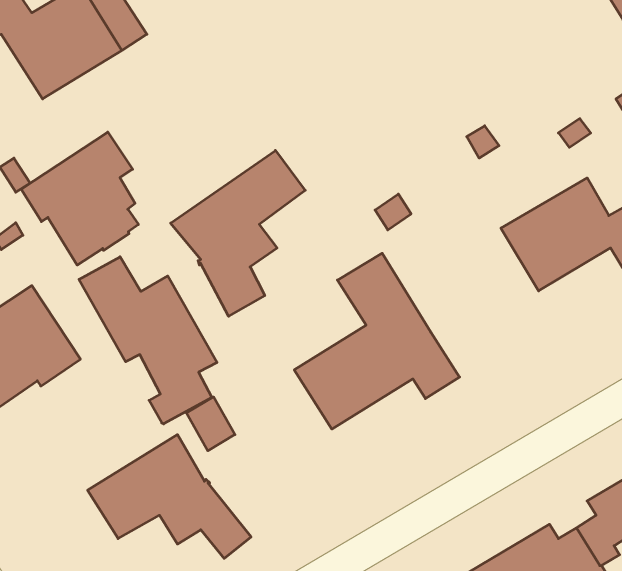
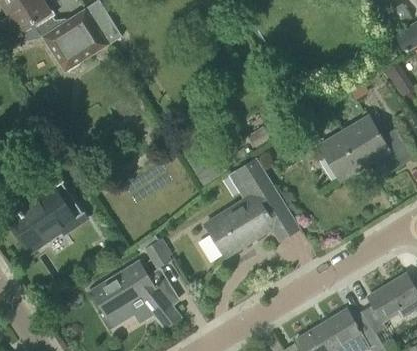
building: [21,132,138,265] -> none
building: [171,150,305,316] -> none
building: [79,257,217,424] -> none

